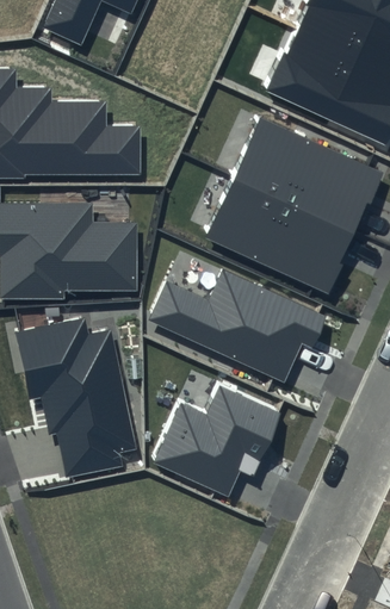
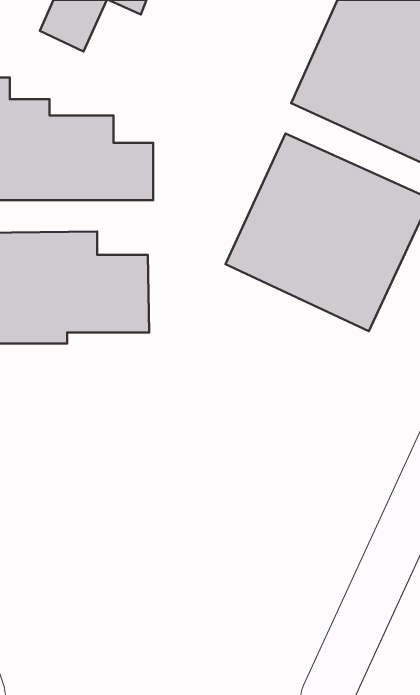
building: [149,271,326,380] -> none
building: [17,318,137,480] -> none
building: [151,380,281,495] -> none

